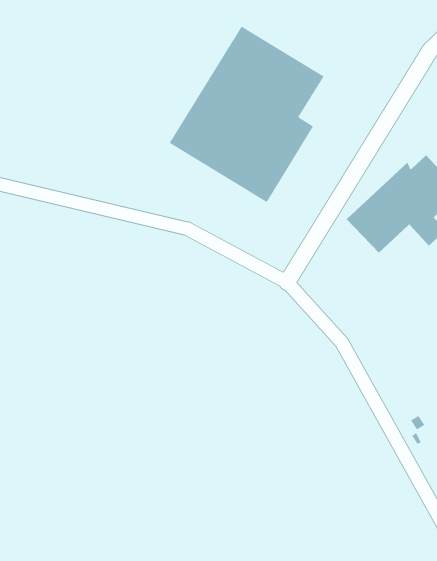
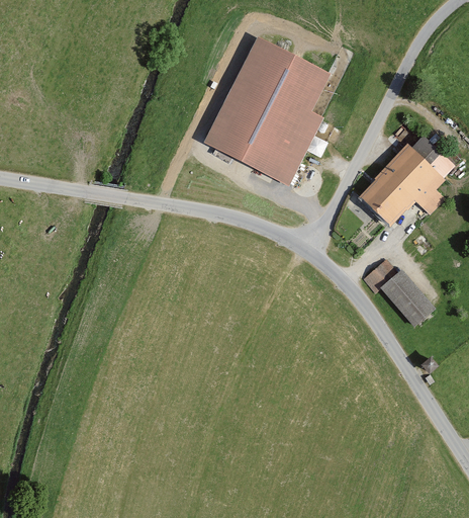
building: none -> [365,259,433,327]

